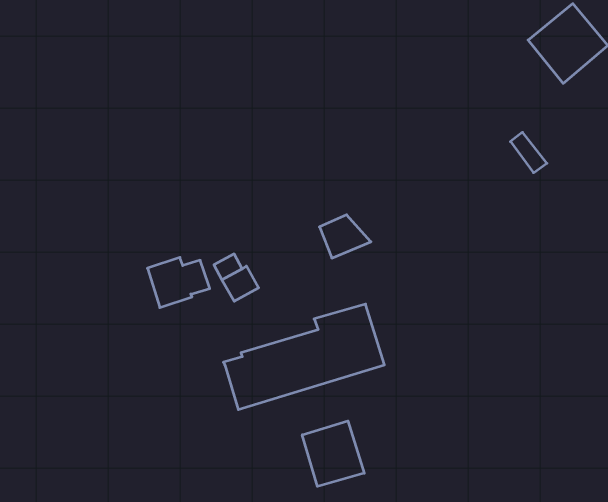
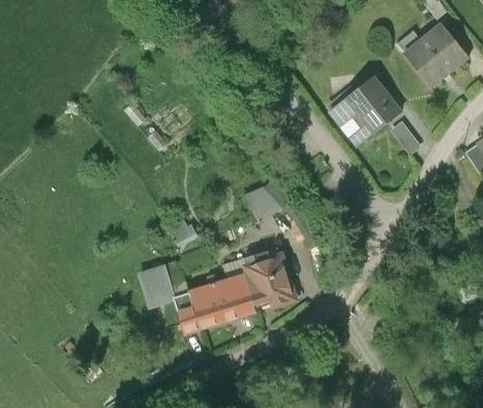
building: none -> [332,79,397,143]
building: [147,257,210,308] -> [140,270,187,308]
building: [302,421,364,486] -> none

